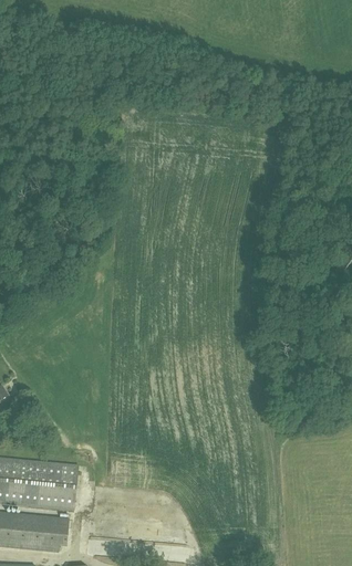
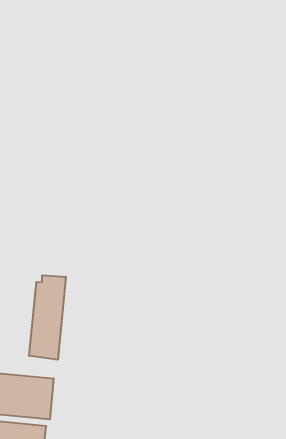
building: none -> [29,275,66,360]

